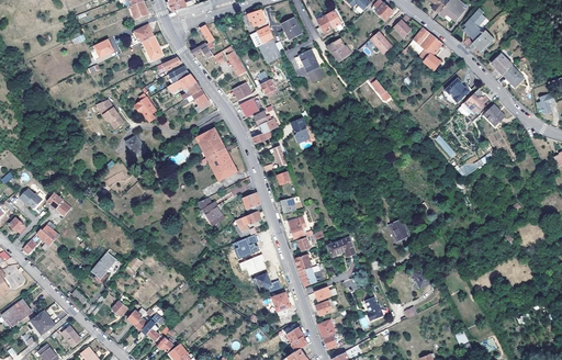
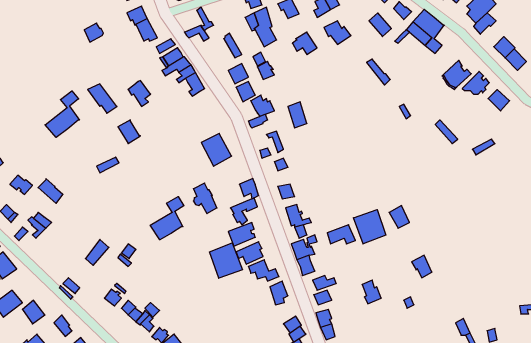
building: none -> [45,91,79,137]
building: [195,128,223,157] -> none
building: none -> [150,197,184,240]
building: none -> [353,210,386,244]
building: none -> [209,243,243,278]

